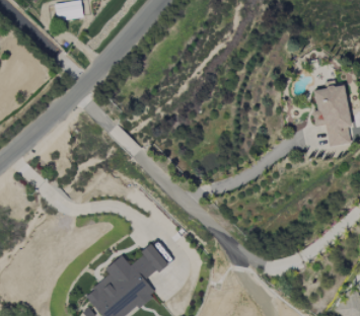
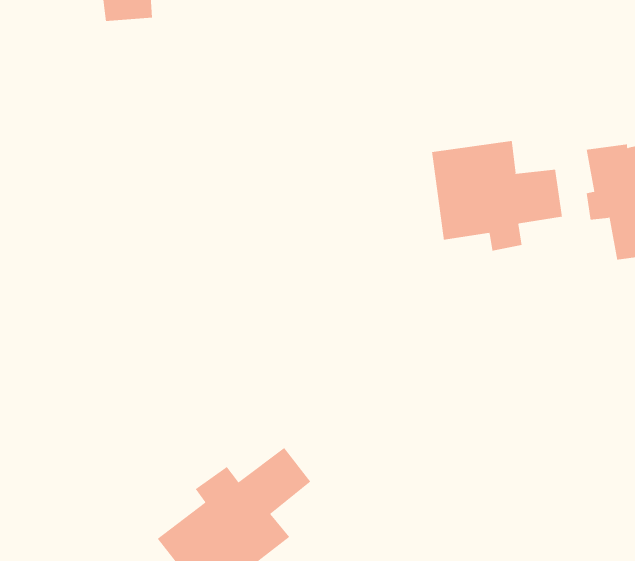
building: none -> [431,140,562,252]

